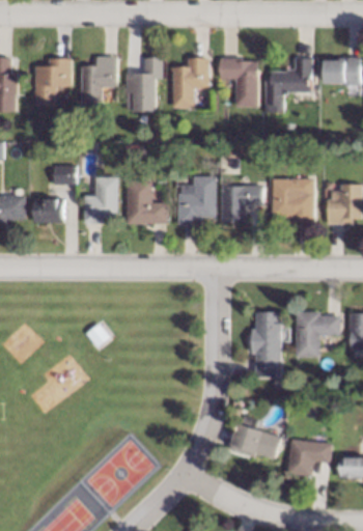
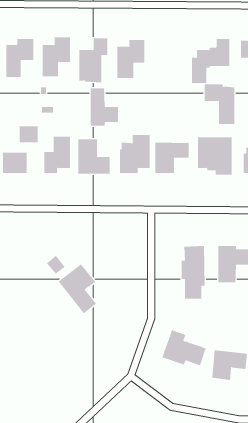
building: [220,57,258,107] -> [204,84,235,124]
building: none -> [90,87,119,126]
building: none -> [58,264,97,314]

